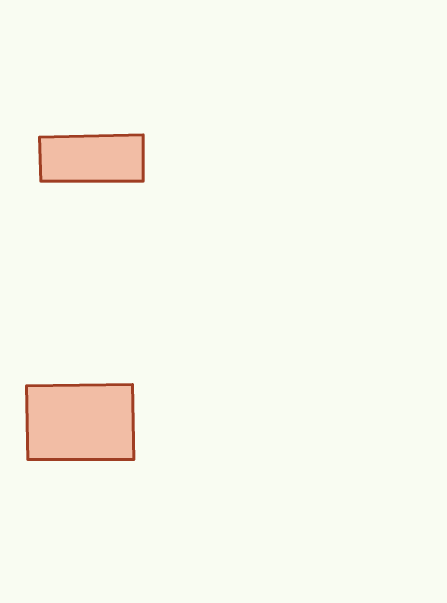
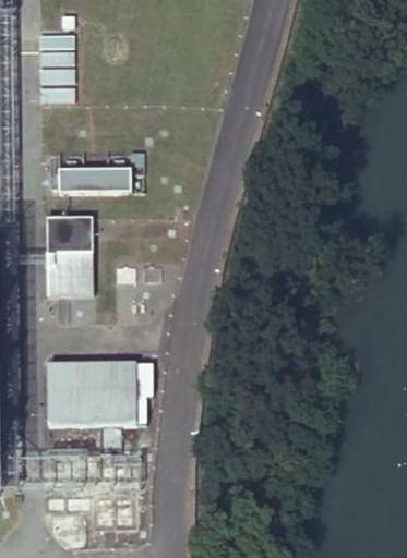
building: none -> [48,215,96,295]

